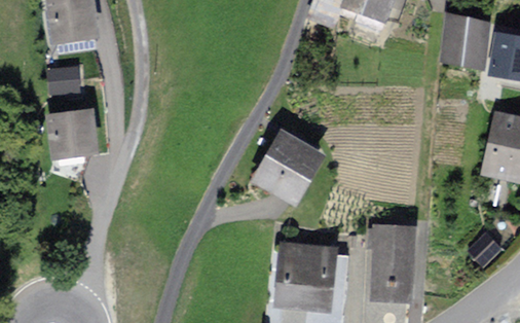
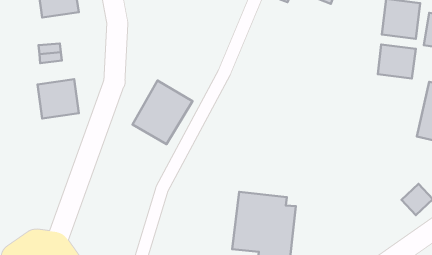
building: none -> [378,44,416,79]
building: [253,131,322,204] -> [132,80,192,144]
building: [370,224,414,300] -> none

